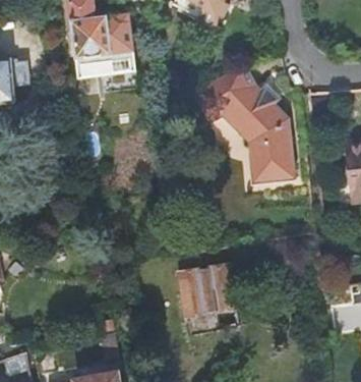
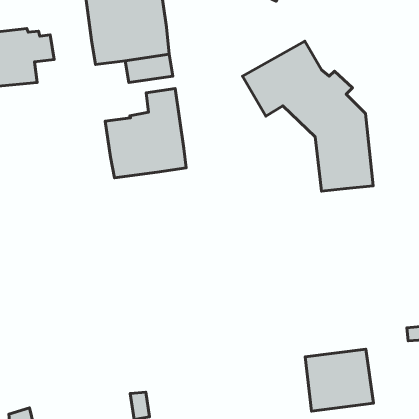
building: none -> [105,89,186,178]
building: [178,266,232,315] -> [305,349,374,411]

